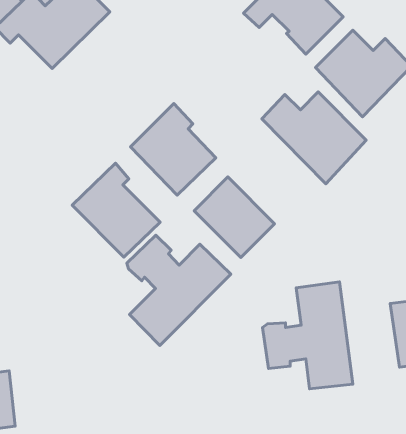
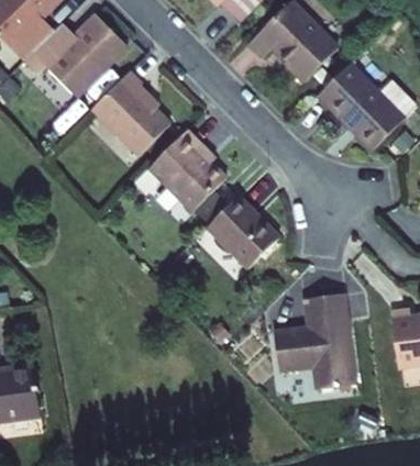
building: [262,92,366,184] -> none
building: [72,163,160,257] -> [92,69,173,155]
building: [127,235,231,345] -> none

